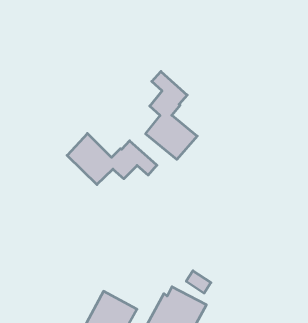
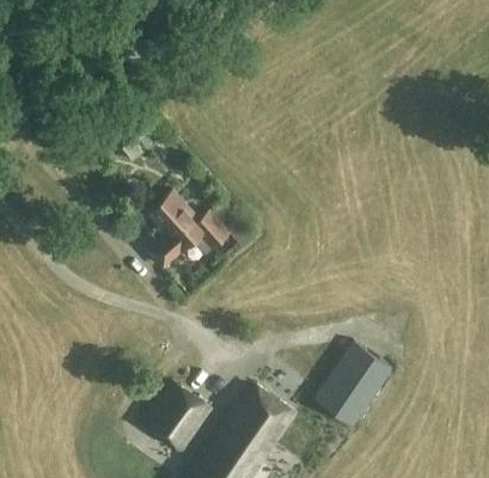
building: [146,71,197,159] -> none
building: none -> [312,342,393,429]

